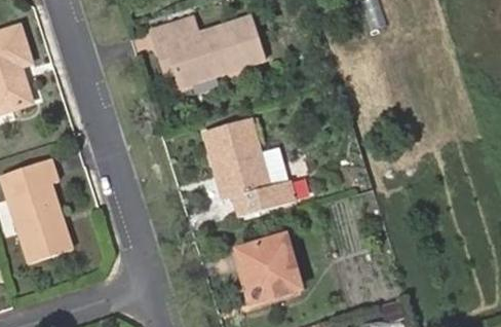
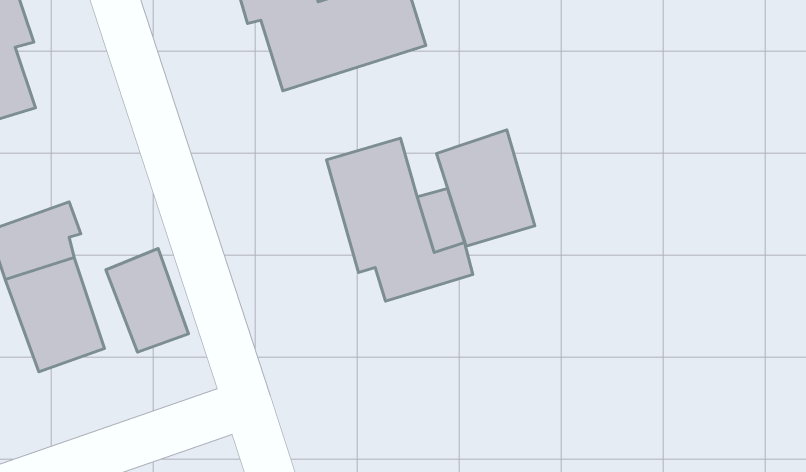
building: none -> [436,130,535,246]
building: none -> [106,248,189,352]
building: [236,235,305,304] -> none

